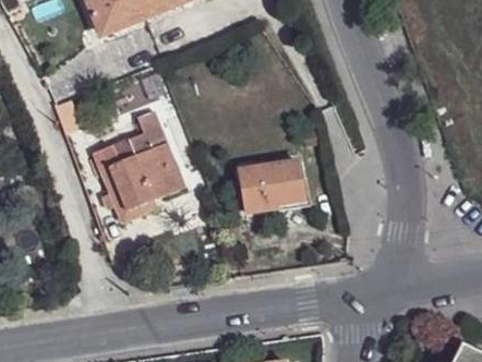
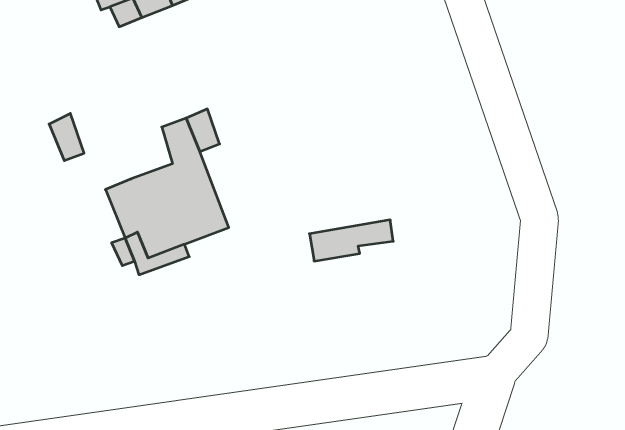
building: [238,155,300,190] -> none

